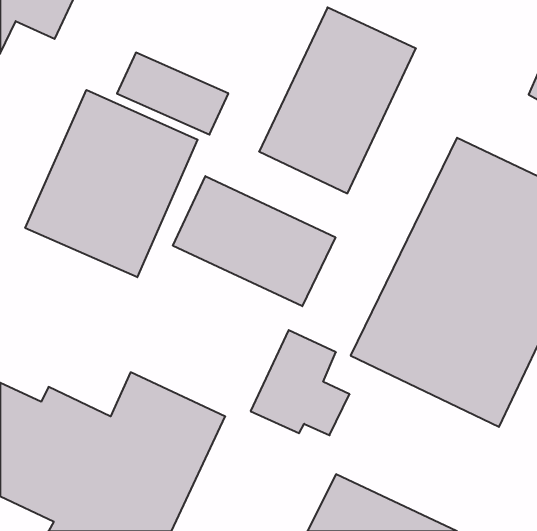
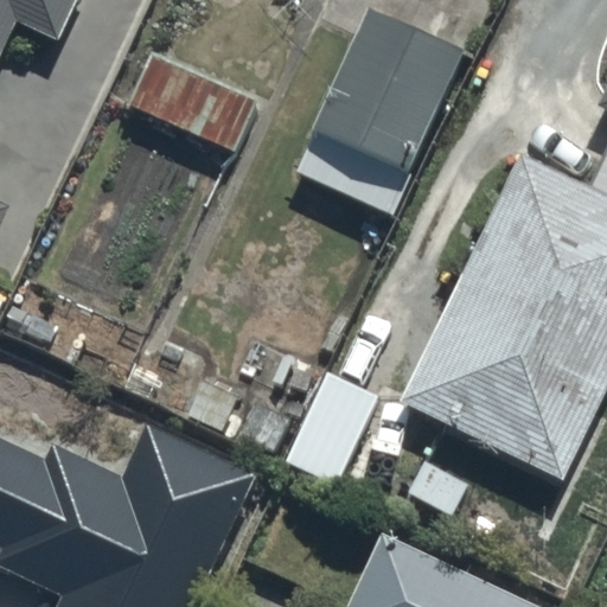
building: [25,90,198,277] -> none
building: [173,176,335,306] -> none

